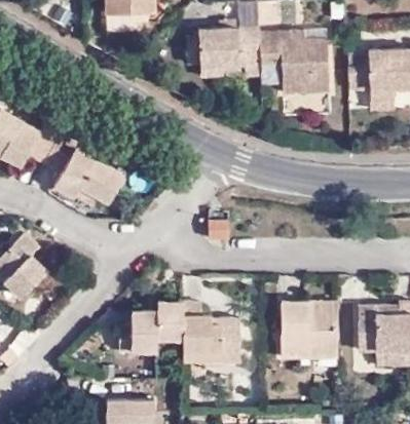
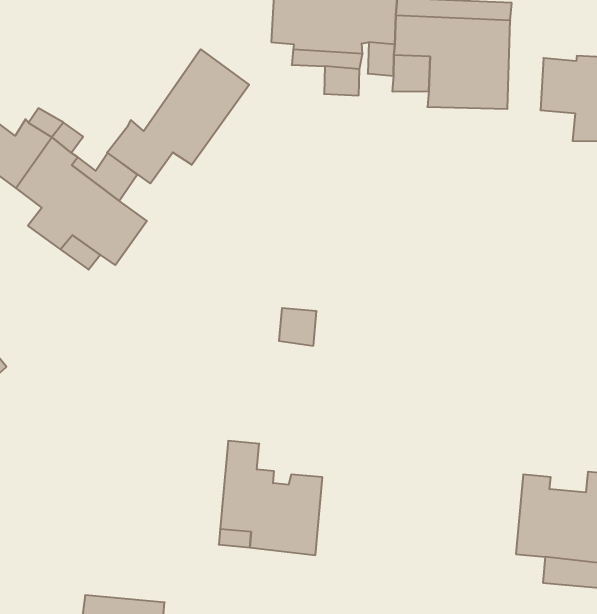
building: none -> [107,49,249,183]
building: [281,300,337,359] -> none
building: [118,301,183,352] -> none

